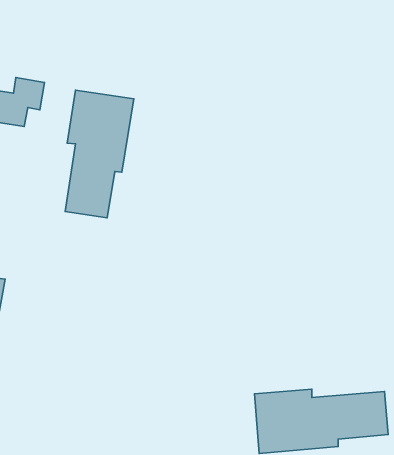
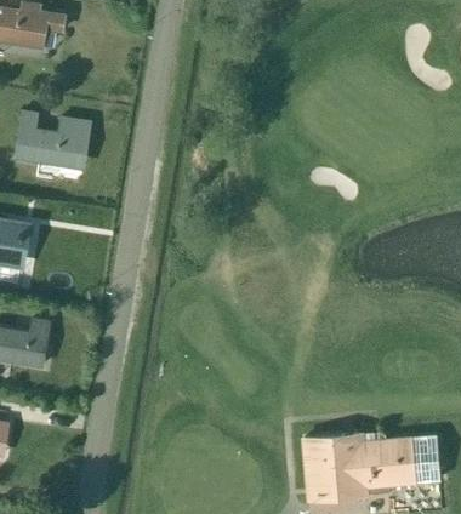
building: [65,90,134,218] -> none

